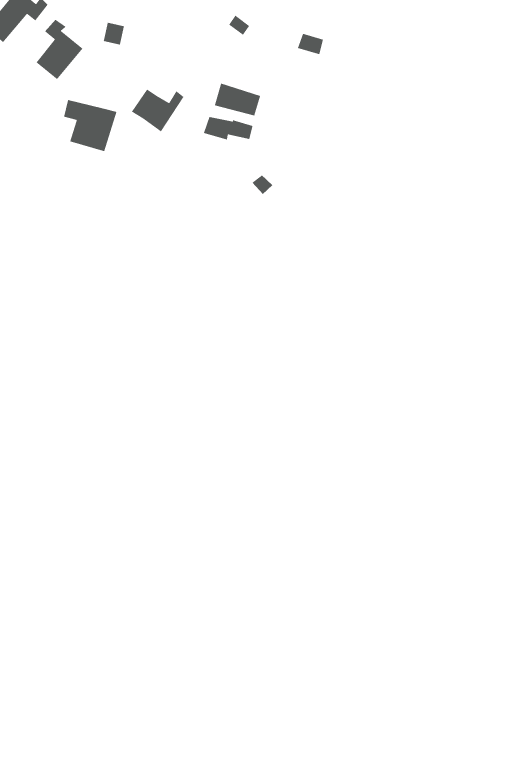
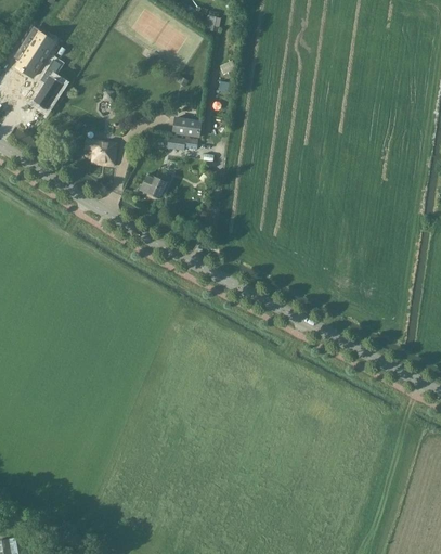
building: [36,19,83,80] -> none
building: [131,88,184,133] -> [141,172,171,198]

